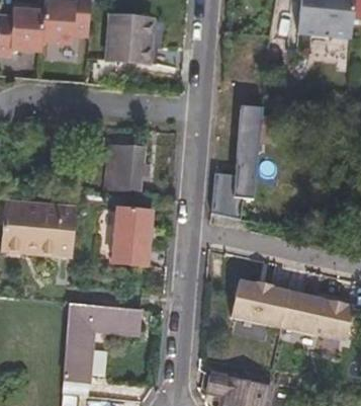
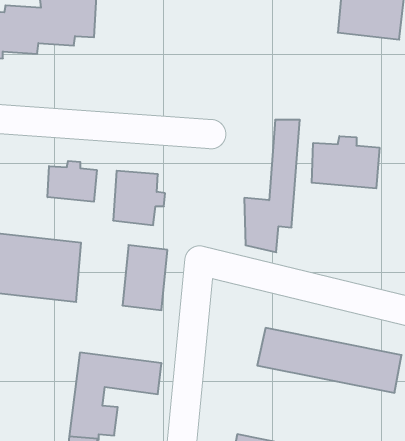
building: [115,17,160,65] -> none
building: none -> [312,136,379,188]
building: none -> [48,161,97,202]

